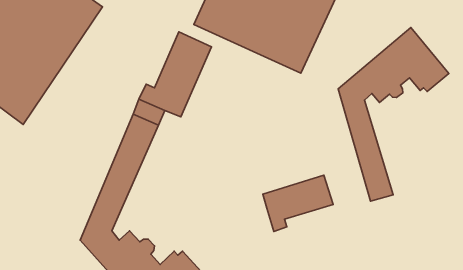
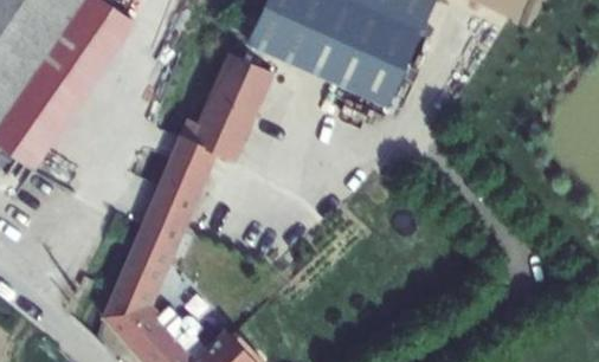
building: [338,28,449,201] -> none
building: [263,175,333,231] -> none

